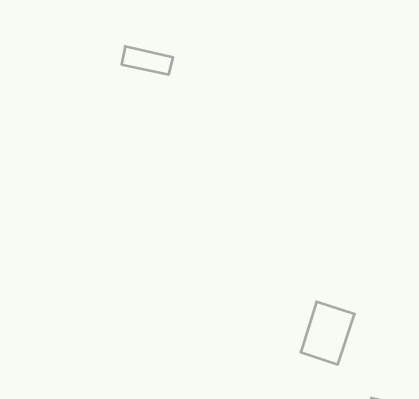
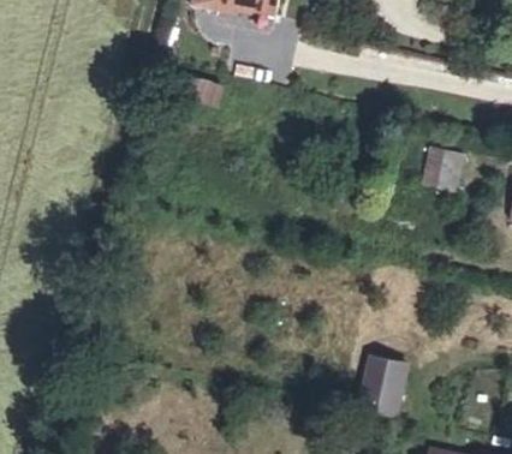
building: none -> [419,142,464,190]

